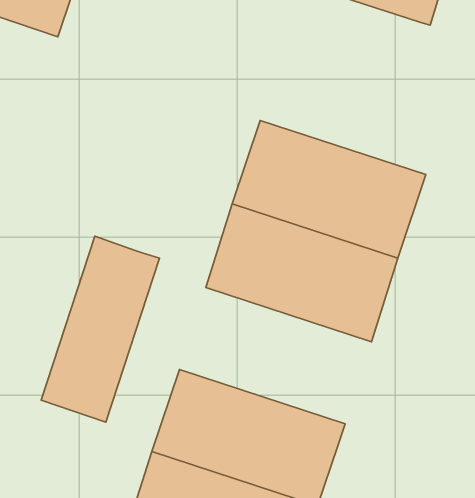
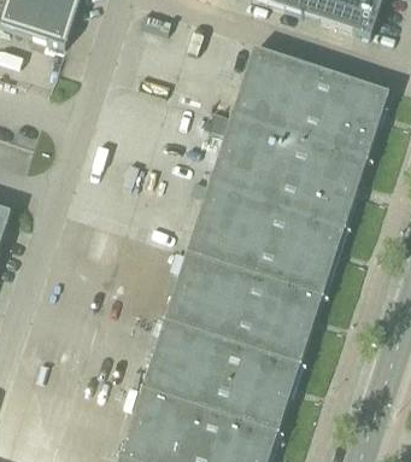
building: none -> [231,46,389,158]
building: [41,236,159,422] -> none
building: none -> [165,251,323,363]

